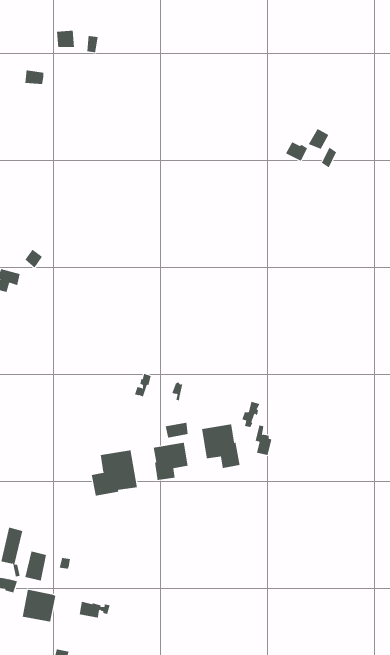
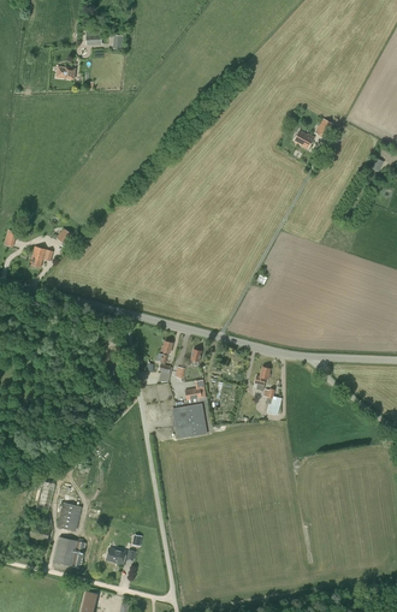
building: [201,423,240,469] -> none
building: [91,449,137,497] -> none

